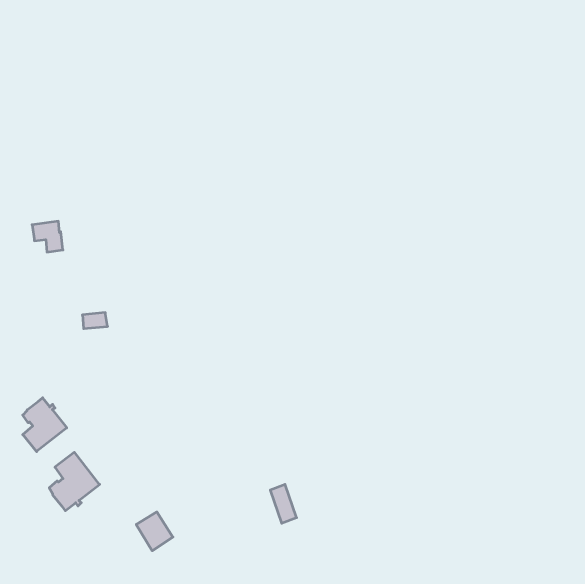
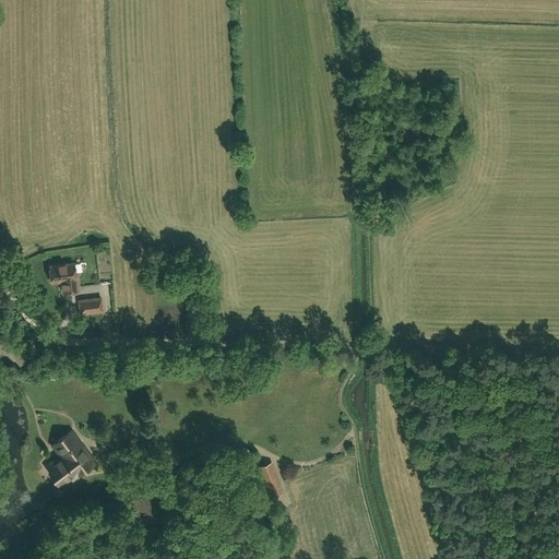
building: [32,221,63,252] -> [49,264,79,294]
building: [23,398,67,452] -> none

